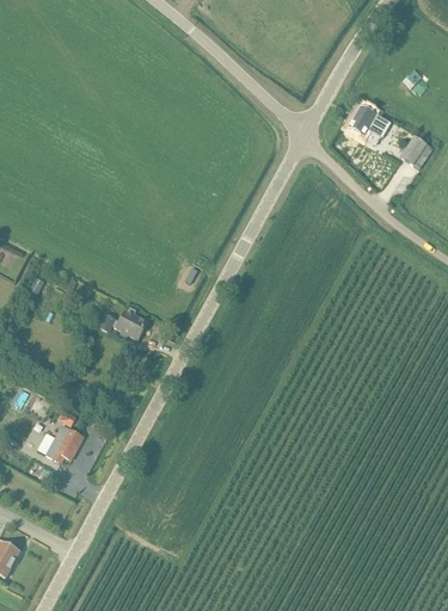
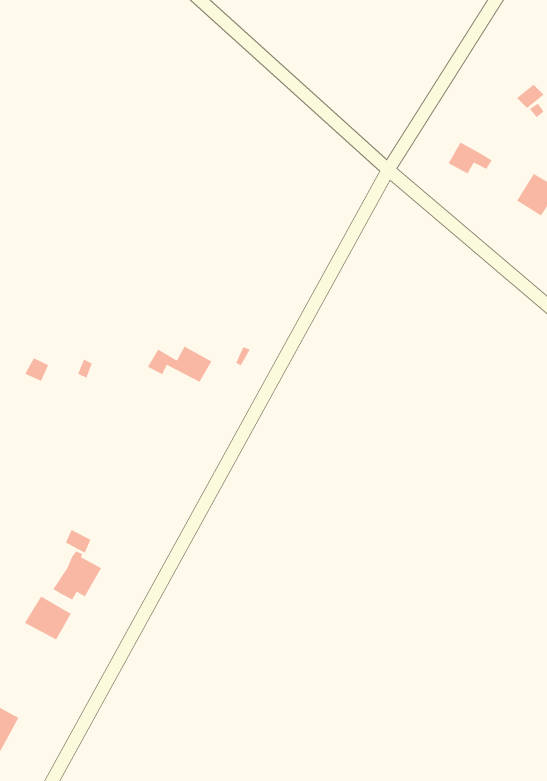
building: [96,310,146,339] -> [147,345,212,383]
building: none -> [24,596,72,640]

